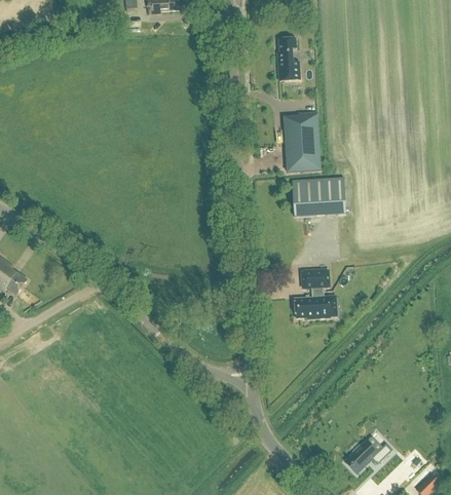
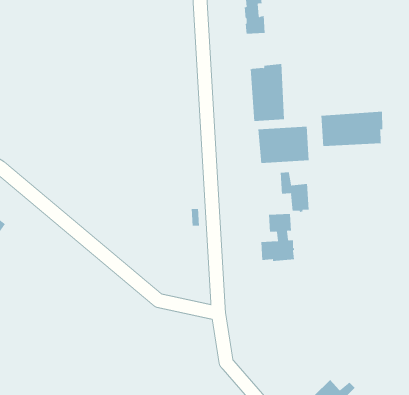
building: none -> [321,111,383,147]
building: none -> [280,171,309,213]

